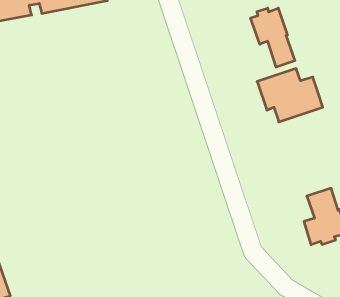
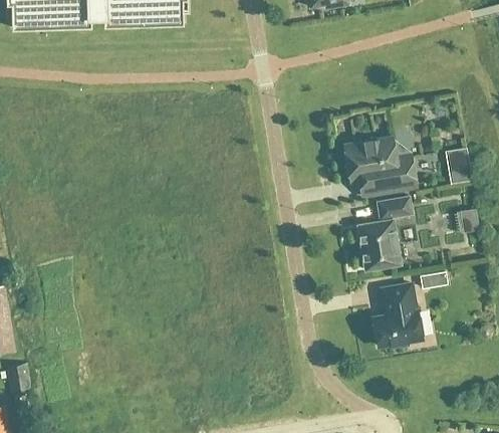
building: [251,8,295,67] -> none
building: none -> [356,197,411,270]

